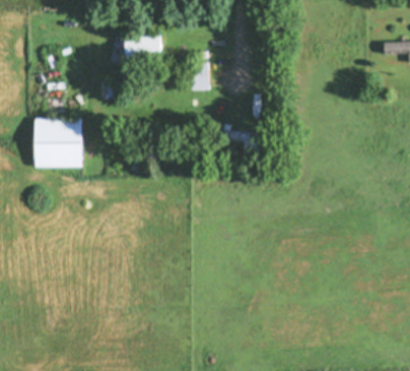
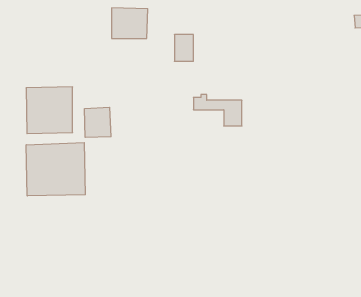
building: none -> [85,107,111,137]
building: none -> [26,143,85,196]

